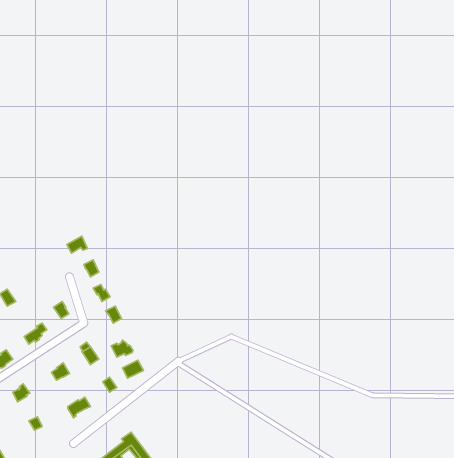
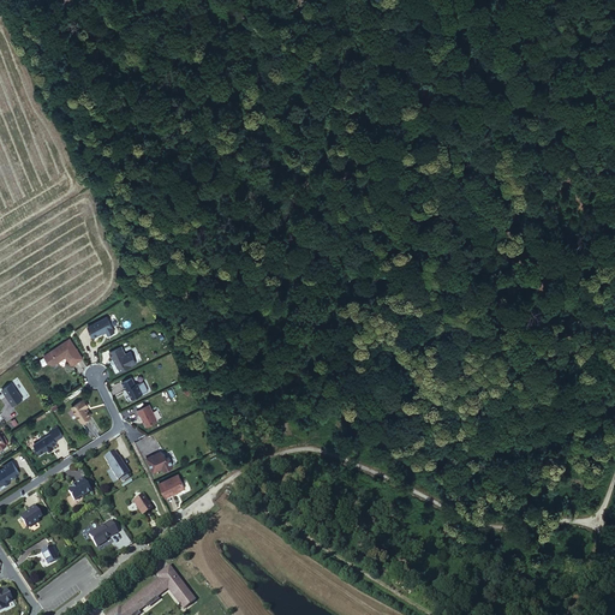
building: none -> [44,340,83,366]

